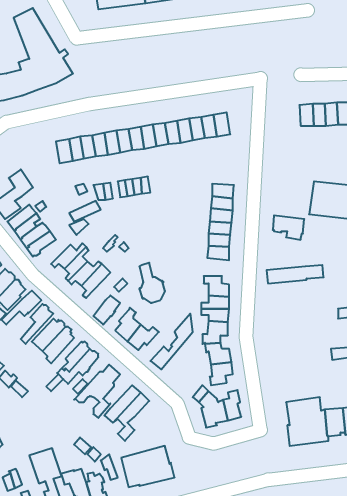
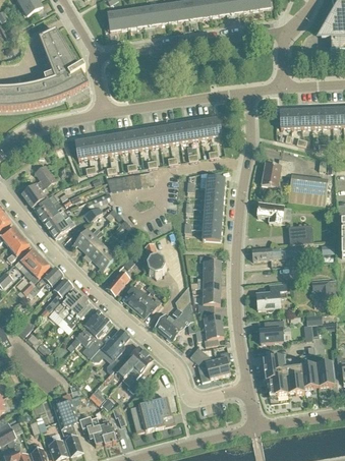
building: none -> [261,158,291,186]
building: none -> [287,223,312,244]
building: none -> [255,282,286,309]
building: none -> [163,300,194,339]
building: none -> [258,319,283,342]

